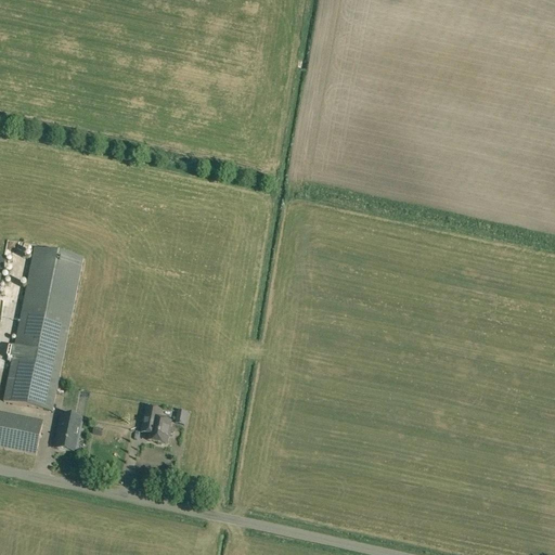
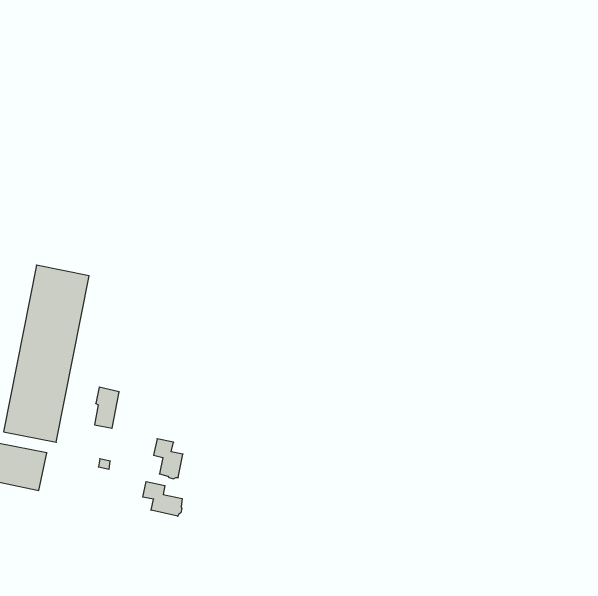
building: [57,412,80,450] -> [95,387,119,428]
building: none -> [143,482,182,516]

